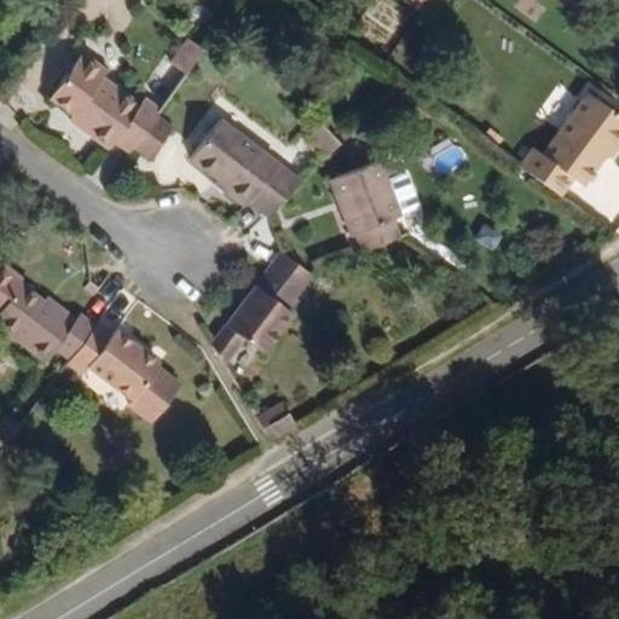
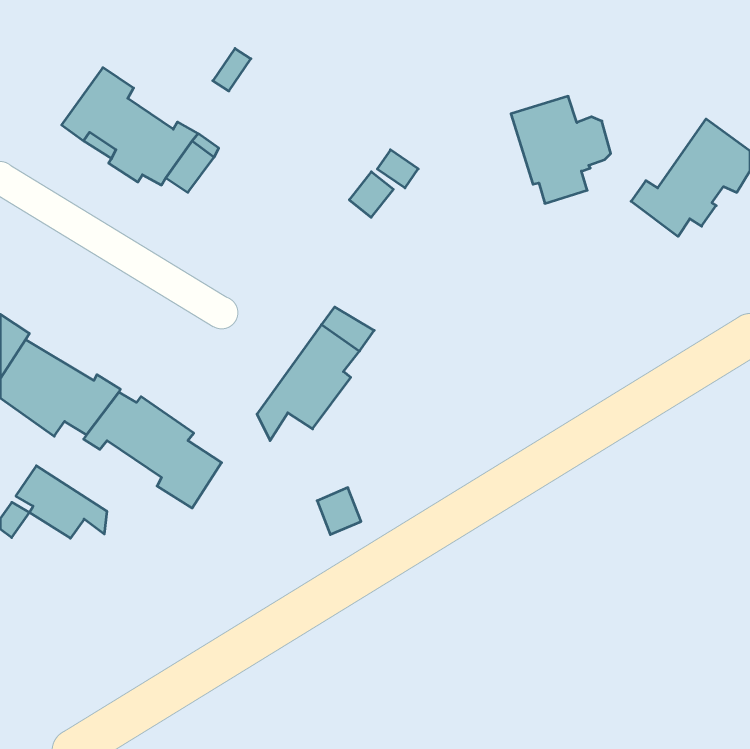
building: [191,122,293,212] -> none
building: [332,161,415,249] -> [511,96,611,203]
building: none -> [16,466,107,538]

